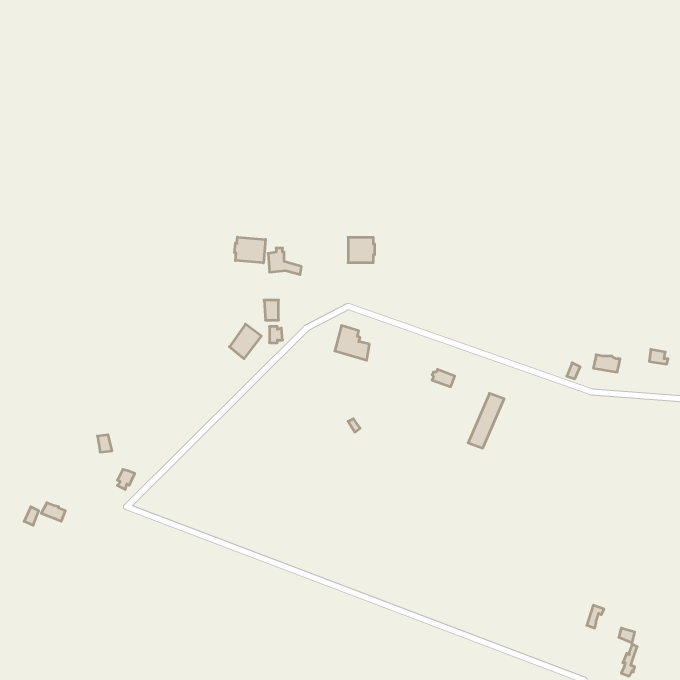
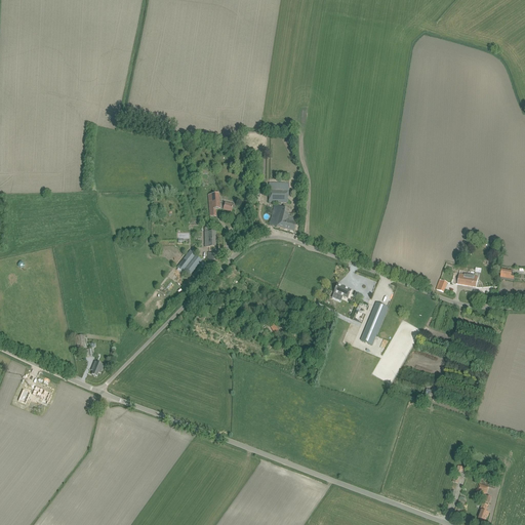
building: [235,237,266,263] -> none
building: [335,326,369,360] -> [269,204,295,231]

